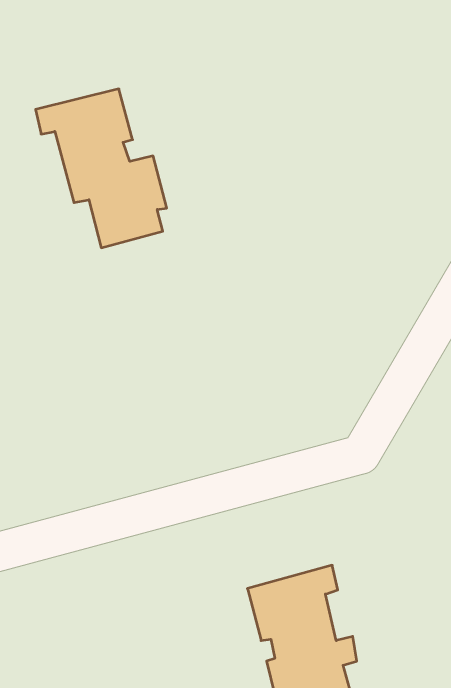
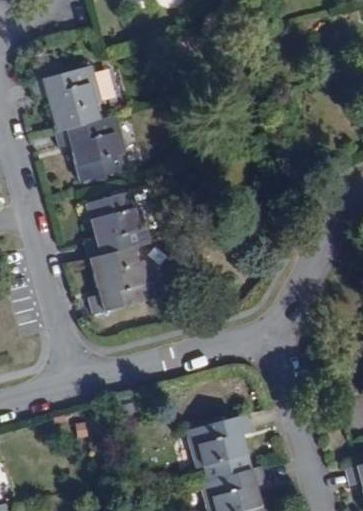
building: none -> [85,193,154,315]

